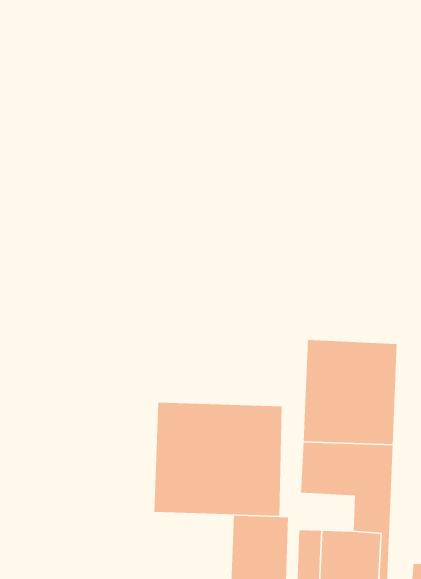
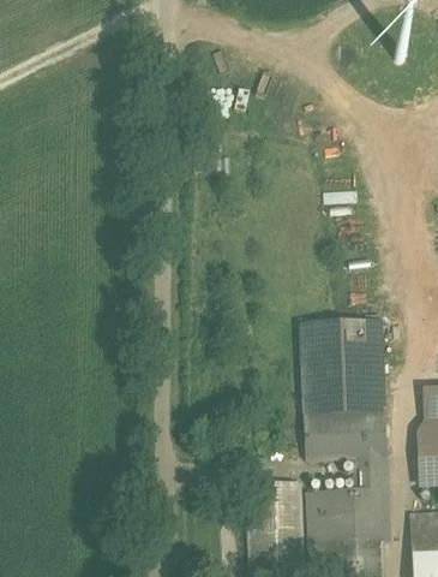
building: [153,402,282,516] -> none

